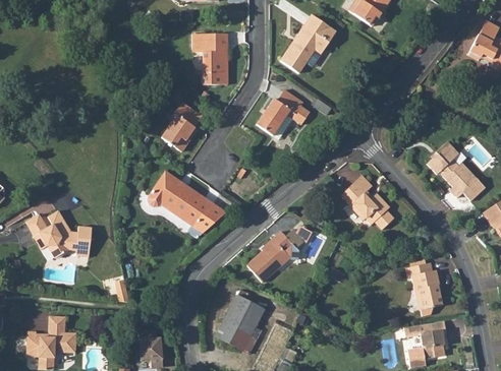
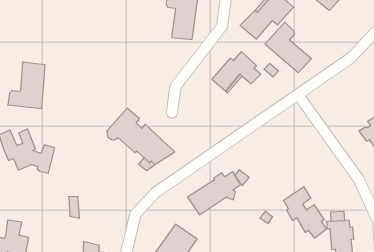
building: none -> [265,22,312,73]
building: [161,103,201,152] -> none
building: none -> [8,62,45,109]
building: [342,172,395,228] -> [283,187,327,238]

